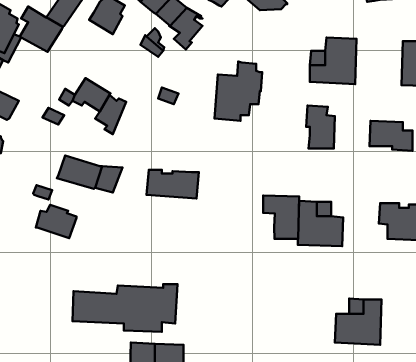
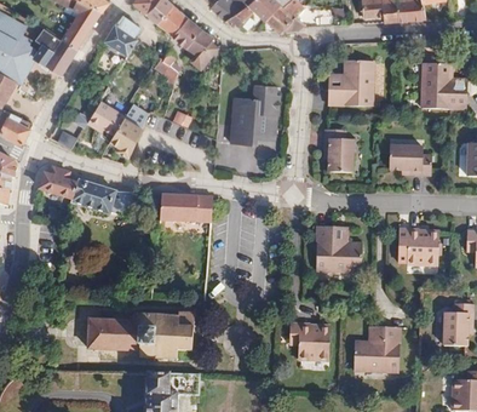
building: [263,195,299,239] -> none
building: [36,205,76,238] -> [39,166,80,200]
building: none -> [289,322,331,360]

